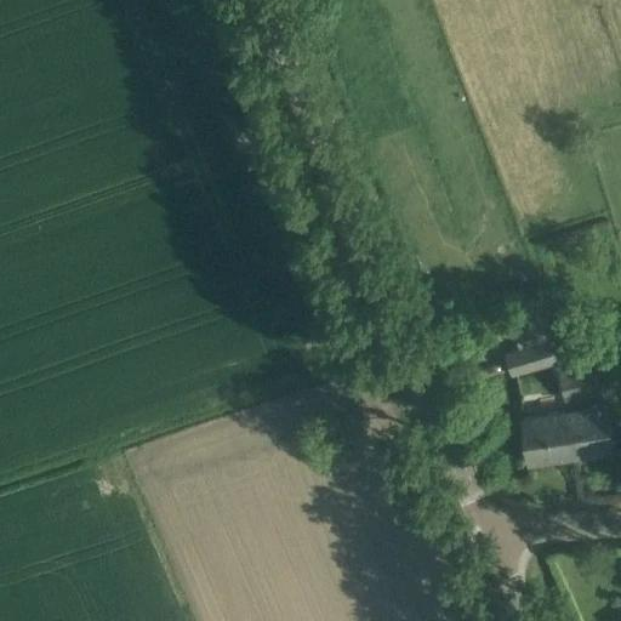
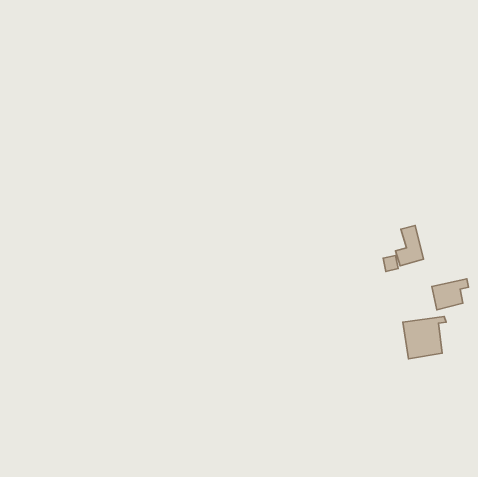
building: [503,343,557,378] -> none
building: [566,408,611,460] -> none

